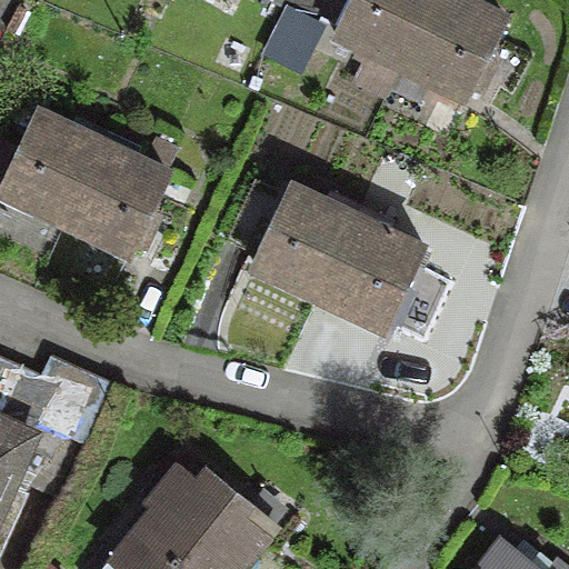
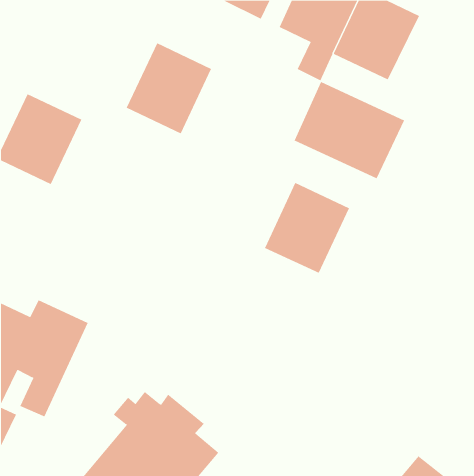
building: none -> [294,81,405,179]
building: [64,143,167,252] -> [126,43,212,134]
building: [224,179,355,297] -> none

